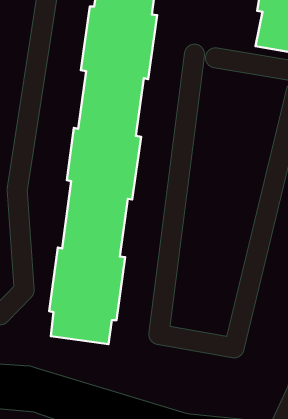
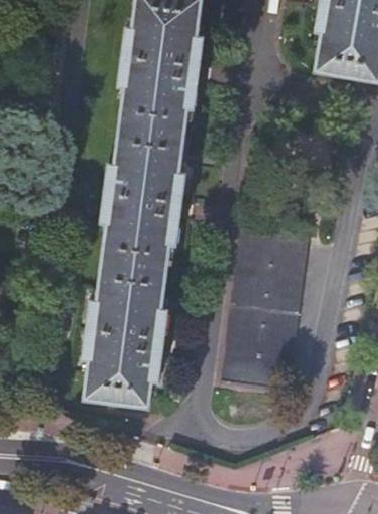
building: none -> [222,229,308,392]

